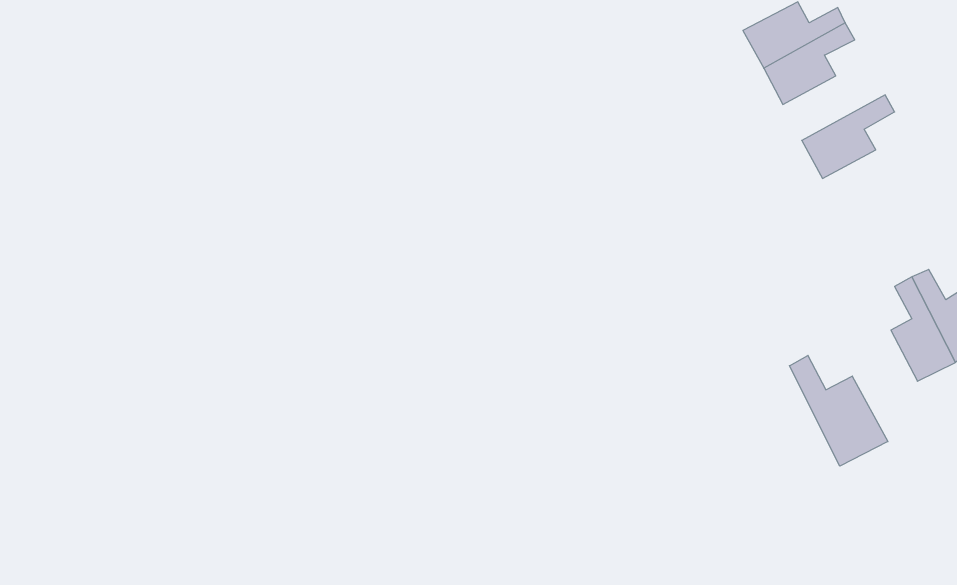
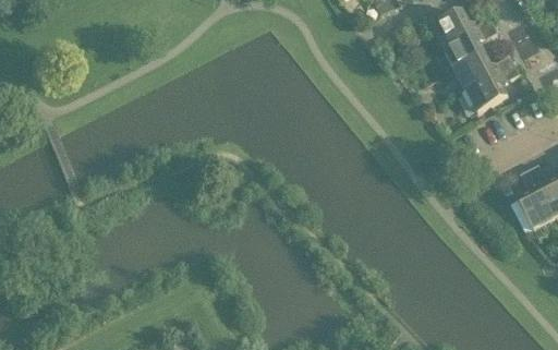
building: none -> [454,52,513,89]
building: [789,355,888,466] -> none

